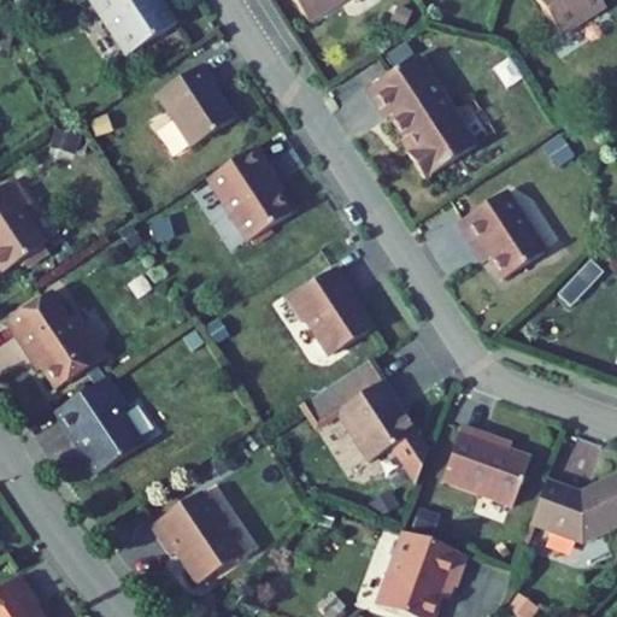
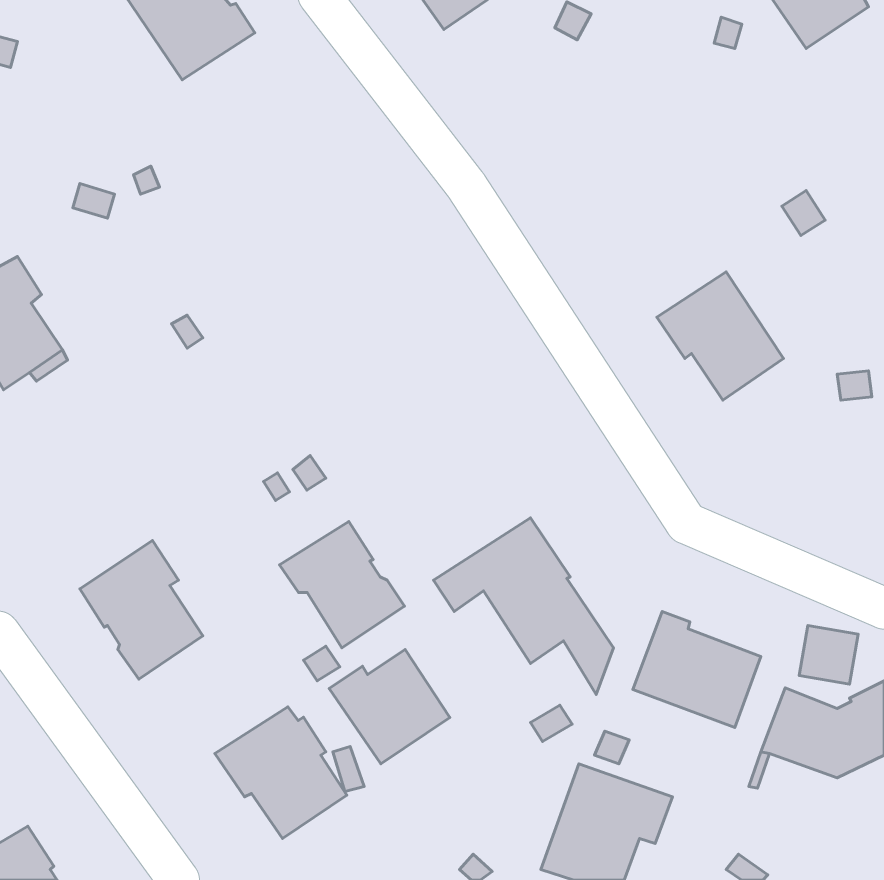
building: [366,54,476,177] -> none
building: [157,63,234,146] -> none
building: [206,145,292,241] -> none
building: [286,268,372,355] -> [280,521,404,648]
building: [6,289,106,388] -> none
building: none -> [329,650,450,764]

